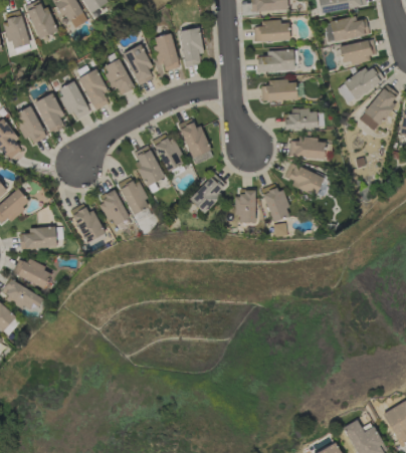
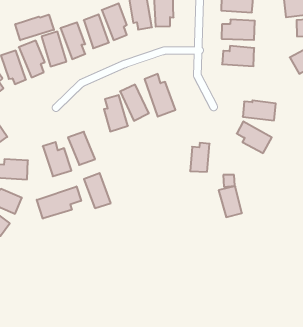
building: none -> [15,15,54,40]
building: [283,110,317,131] -> none
building: [189,174,226,214] -> none
building: [118,176,150,215] -> [84,173,111,208]
building: [262,187,290,222] -> [219,186,242,217]
building: none -> [37,186,81,219]

